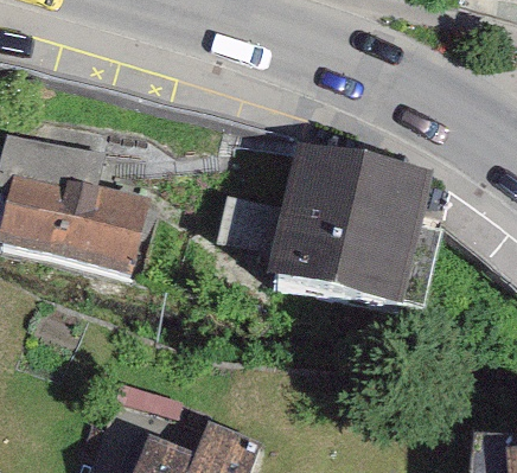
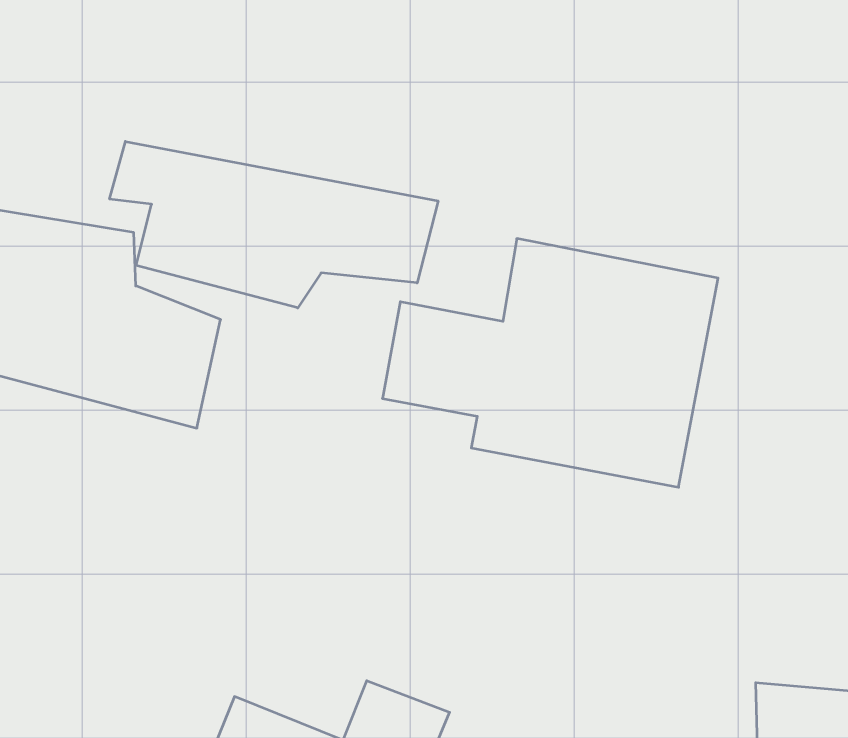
building: none -> [110,141,438,308]

